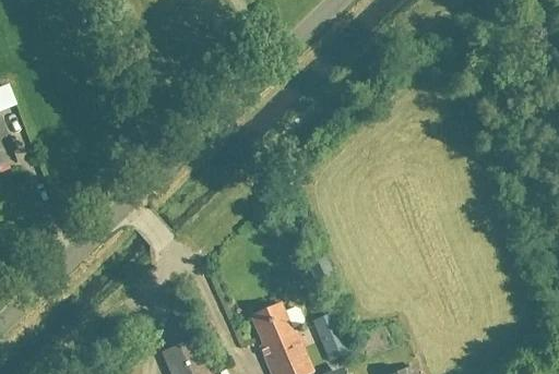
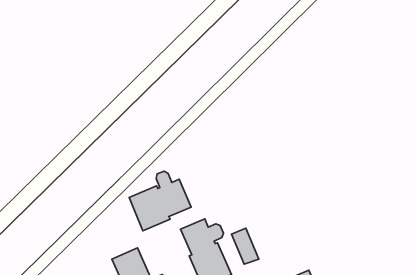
building: none -> [129,171,191,231]

